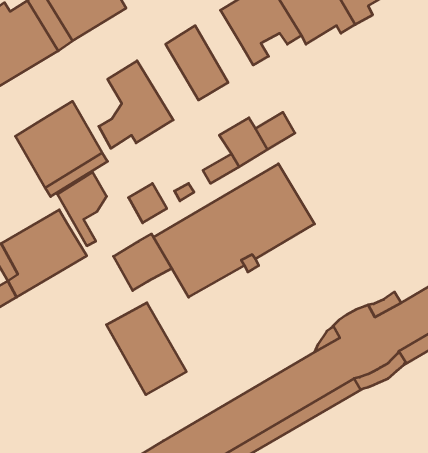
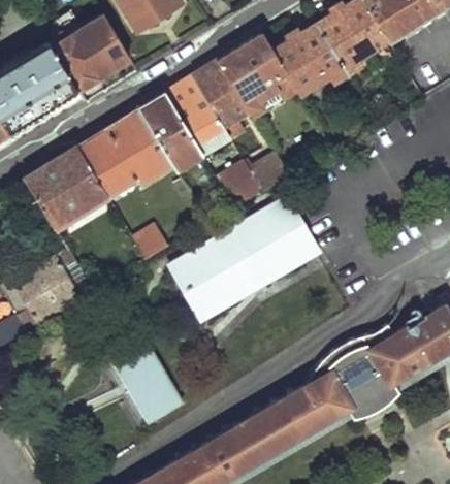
building: none -> [197,59,245,137]
building: none -> [142,91,206,168]
building: [57,172,107,246] -> [82,124,128,193]
building: [113,234,172,291] -> none

